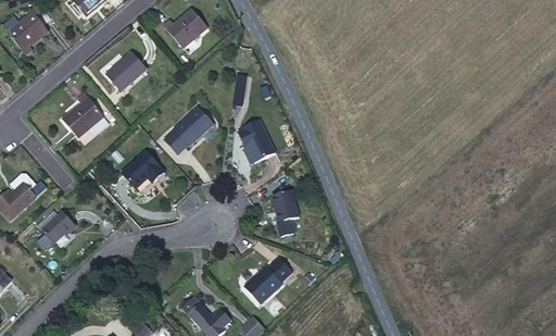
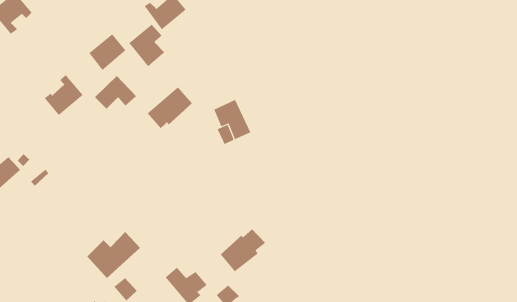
building: none -> [128,24,165,67]
building: [123,154,167,190] -> [94,75,137,110]
building: [274,198,303,233] -> none
building: [47,206,81,238] -> none
building: none -> [87,231,141,279]

